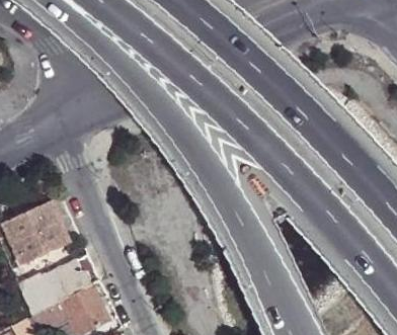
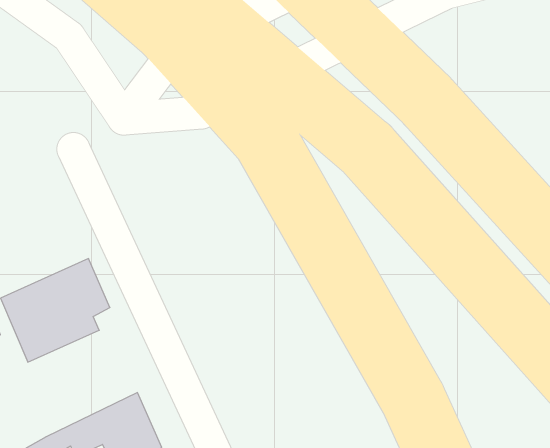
building: [21,256,100,315] -> none

